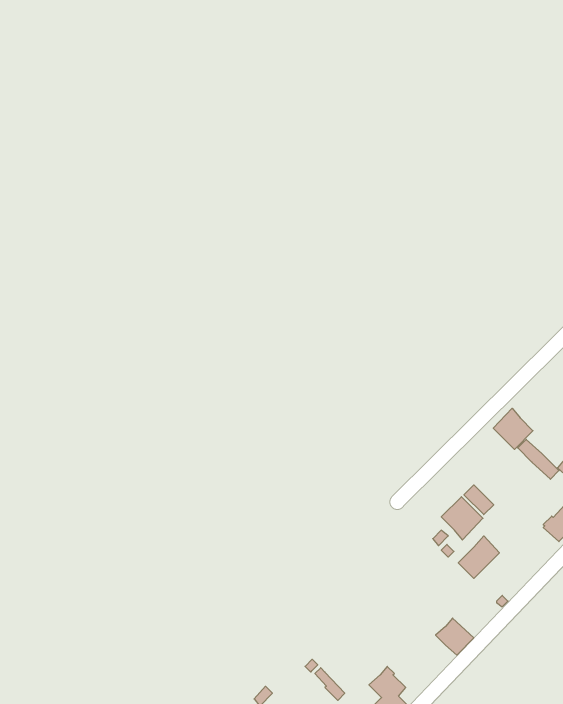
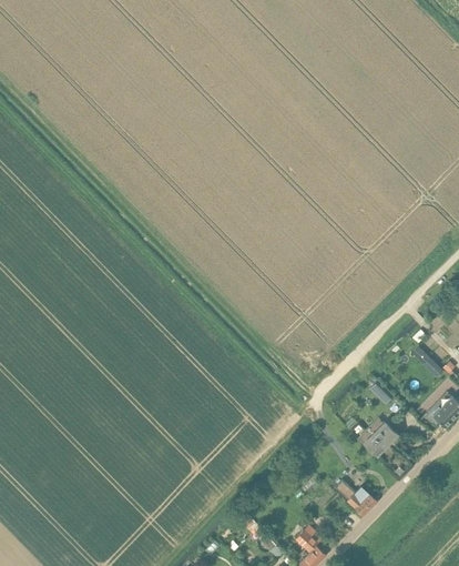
building: [493,408,533,449] -> none
building: [441,497,483,540] -> none

